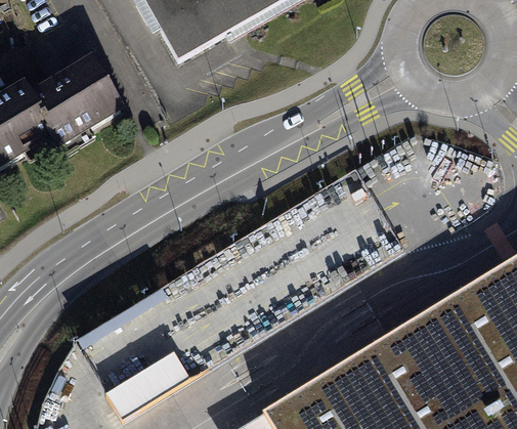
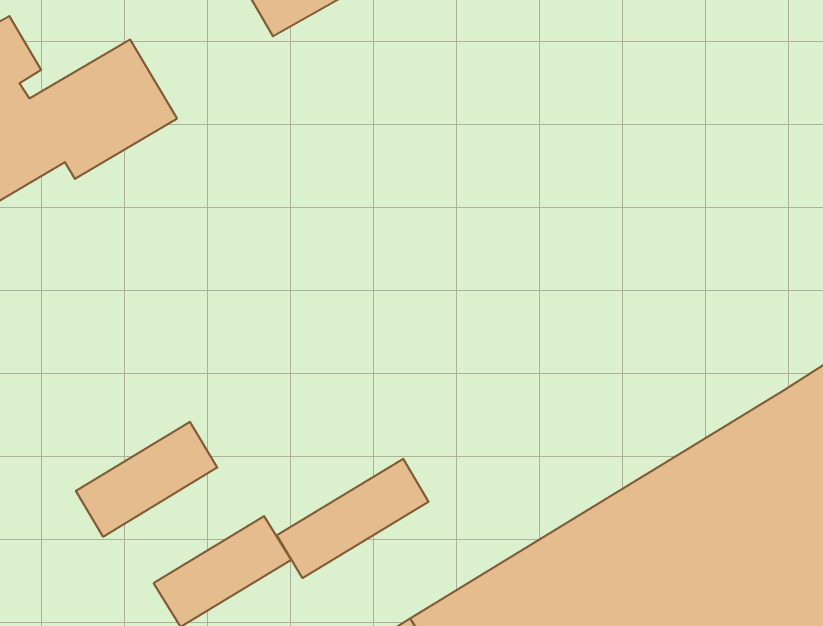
building: none -> [76,422,217,537]
building: none -> [277,459,429,578]

